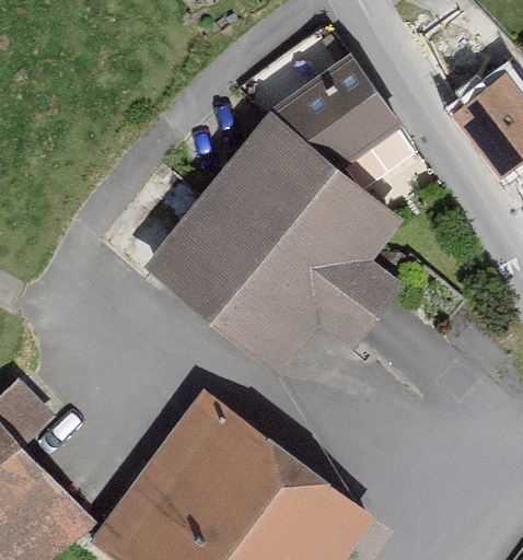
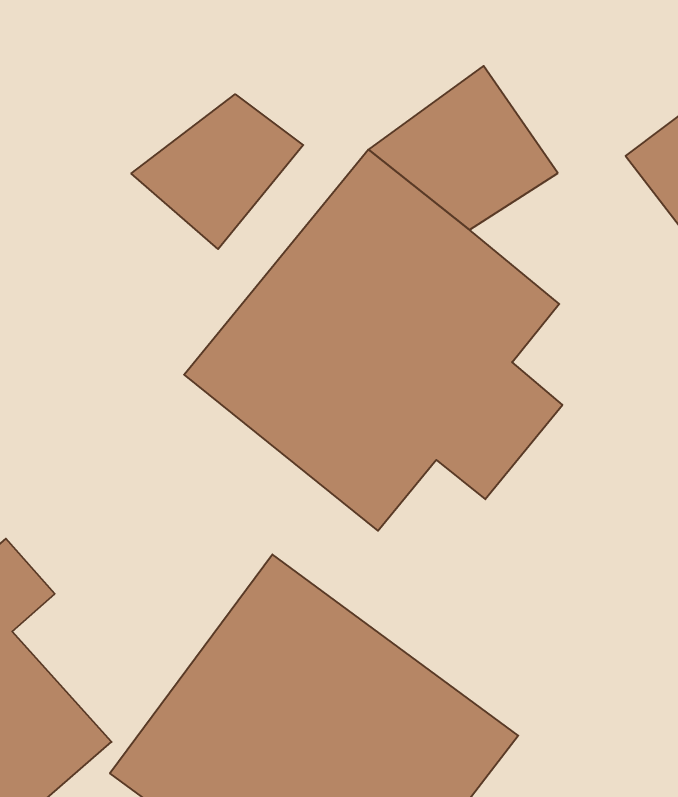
building: none -> [131,94,303,249]

